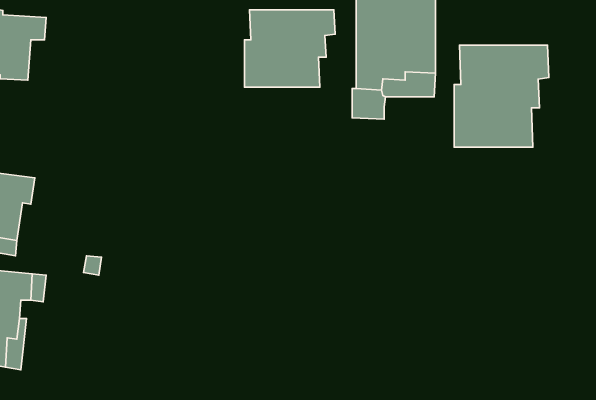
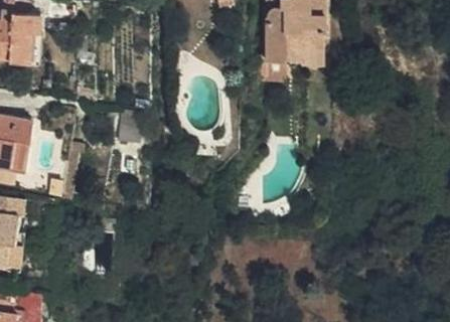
building: [244,10,335,87] -> none
building: [454,45,549,147] -> none

